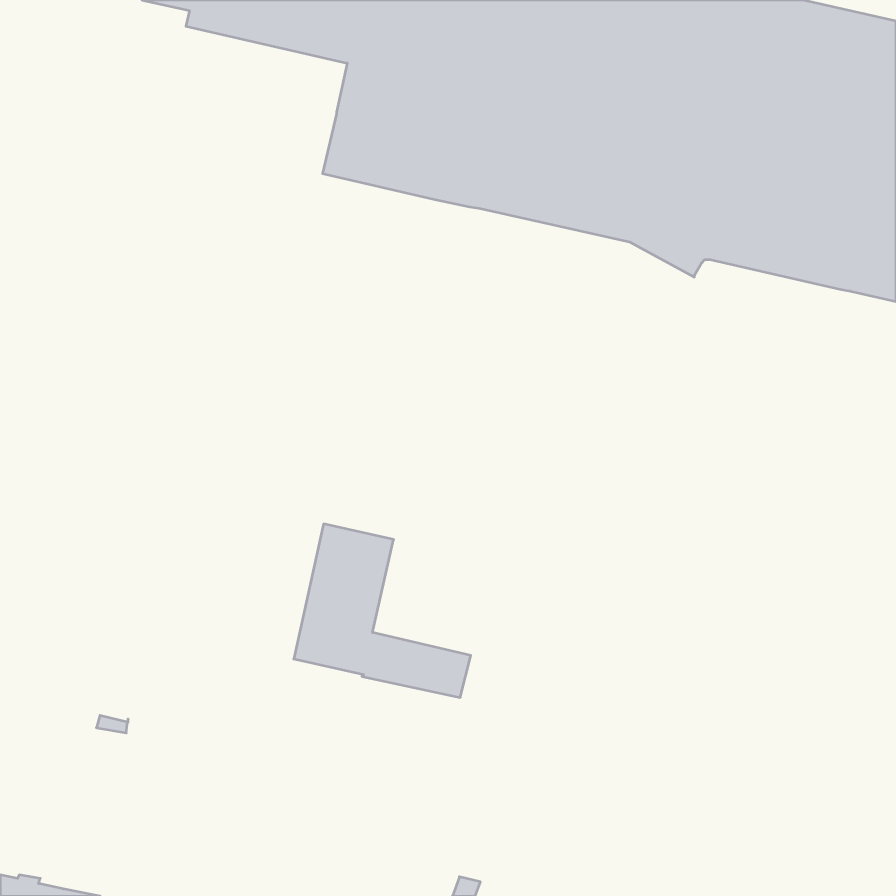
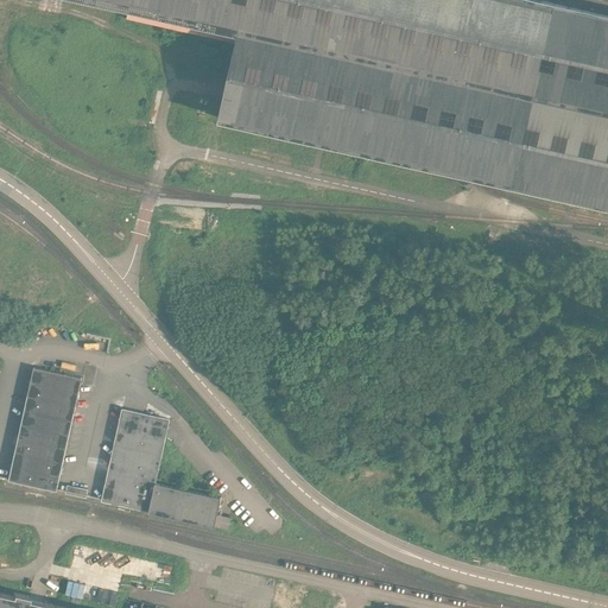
building: [294,524,471,697] -> [101,408,221,526]
building: none -> [8,367,81,489]

